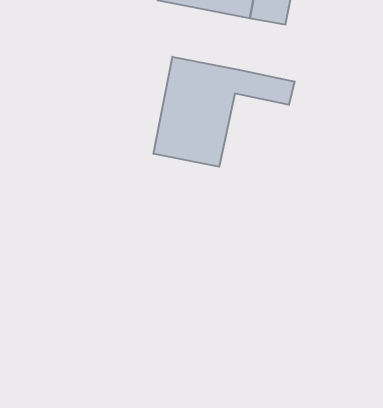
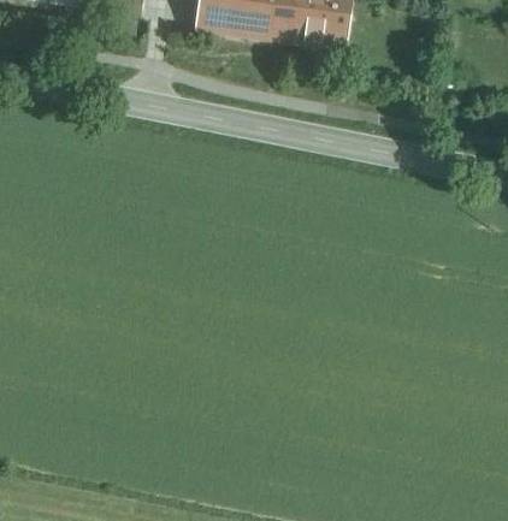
building: [154,57,295,167] -> none

